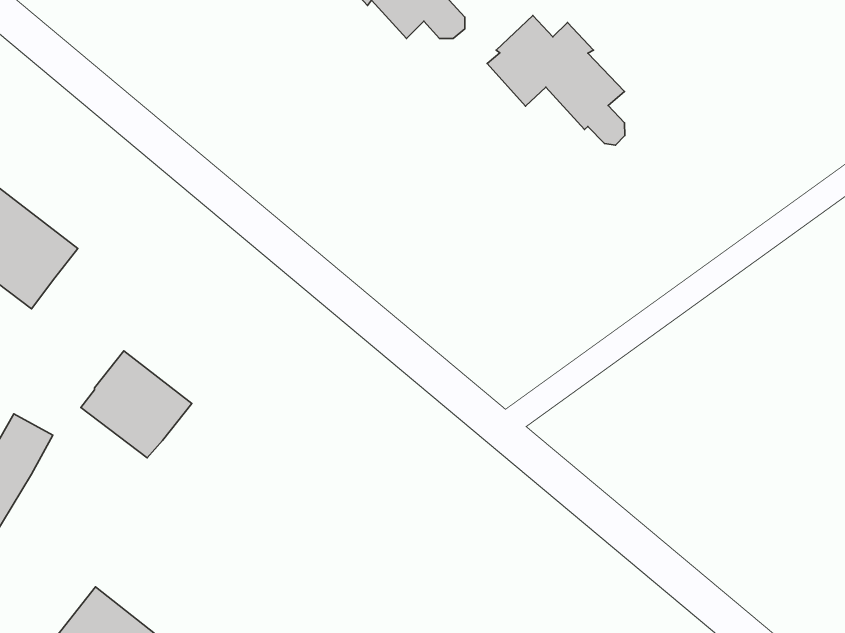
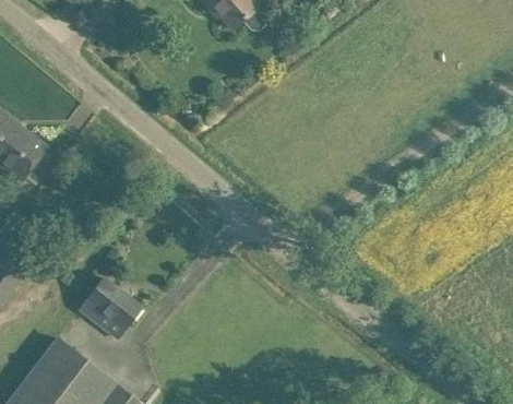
building: [487,15,625,145] -> none
building: [81,351,192,458] -> [79,276,141,336]

